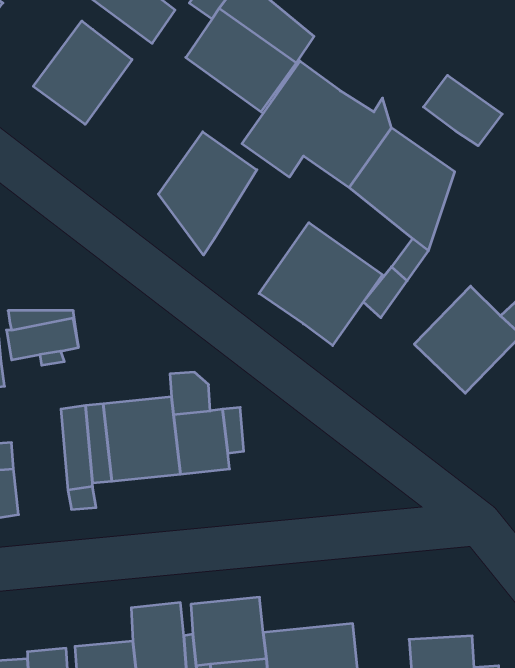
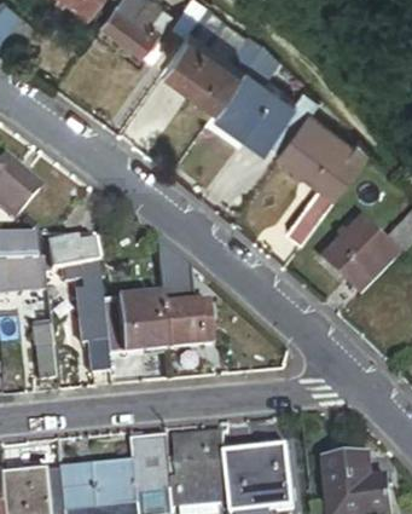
building: [33,21,132,124] -> none
building: [423,75,502,146] -> none
building: [158,132,257,255] -> none
building: [259,223,382,346] -> none

